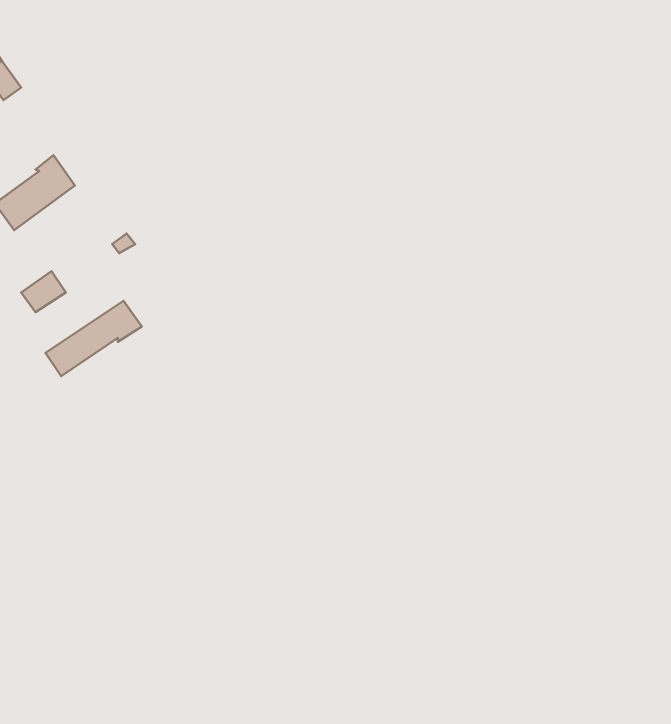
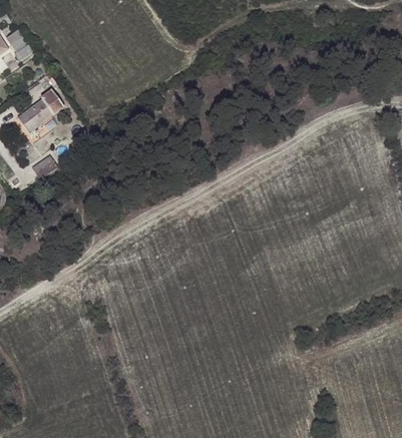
building: [46,301,142,376] -> none

